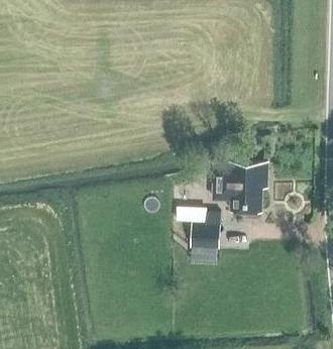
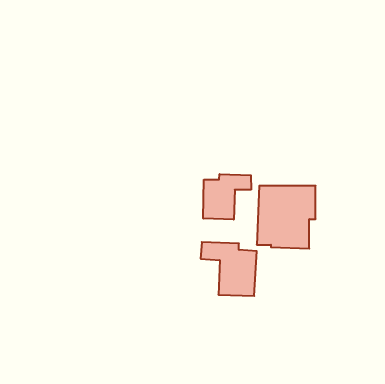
building: none -> [203,174,251,220]

